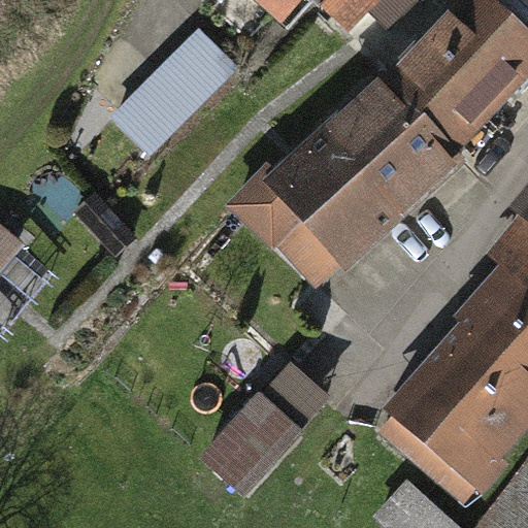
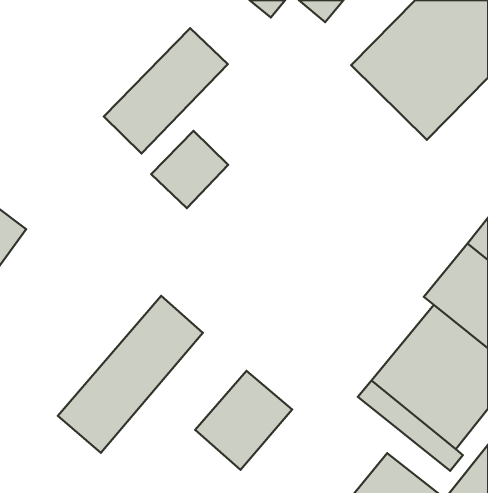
building: [237,72,454,276] -> none
building: none -> [151,131,228,208]
building: none -> [58,296,203,453]

